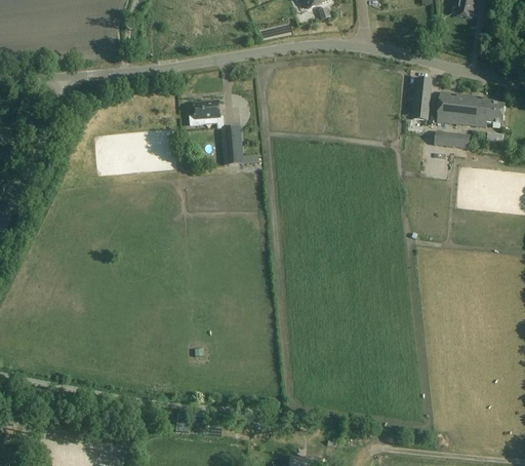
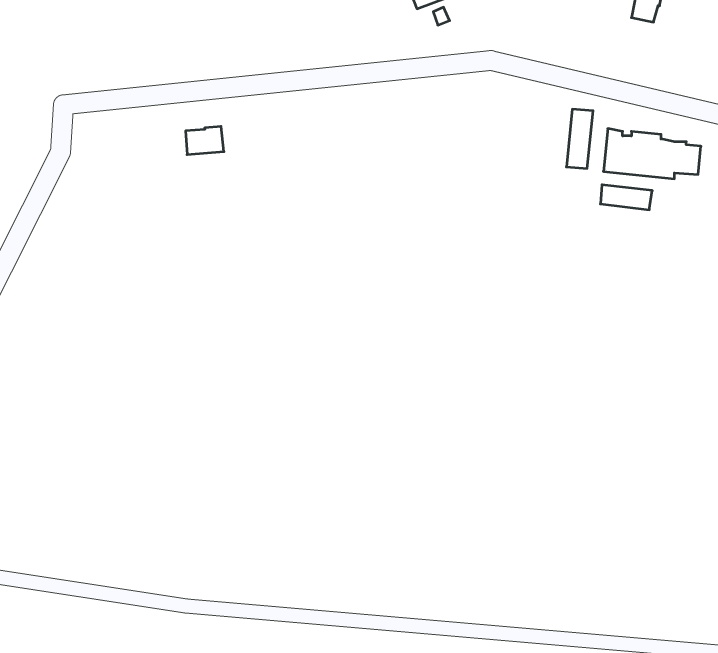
building: [193,99,219,118] -> [186,126,224,155]
building: [220,125,243,164] -> none

